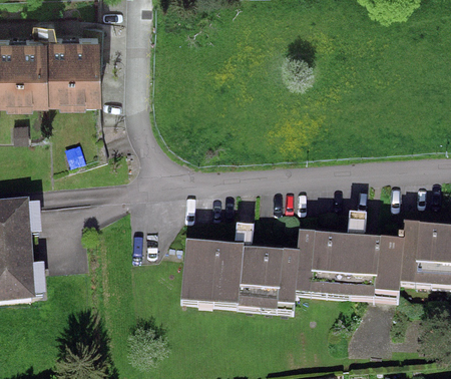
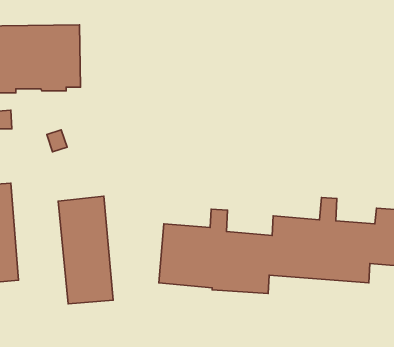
building: none -> [58,196,113,304]

